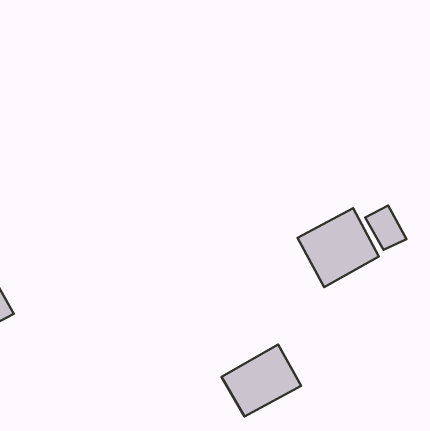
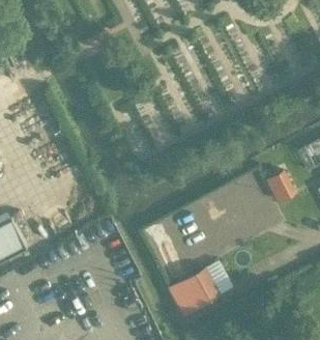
building: [297,208,379,287] -> none

